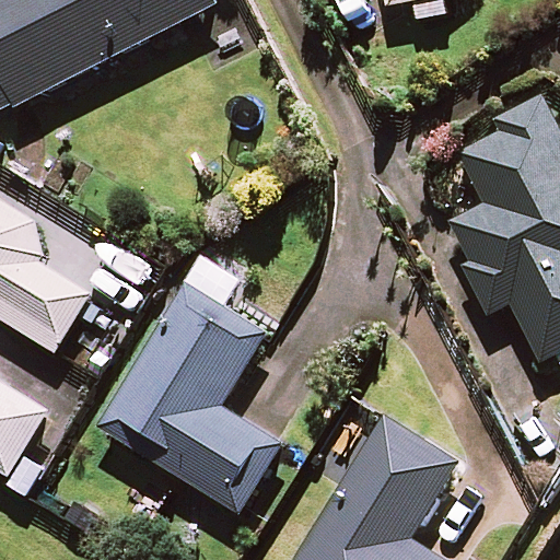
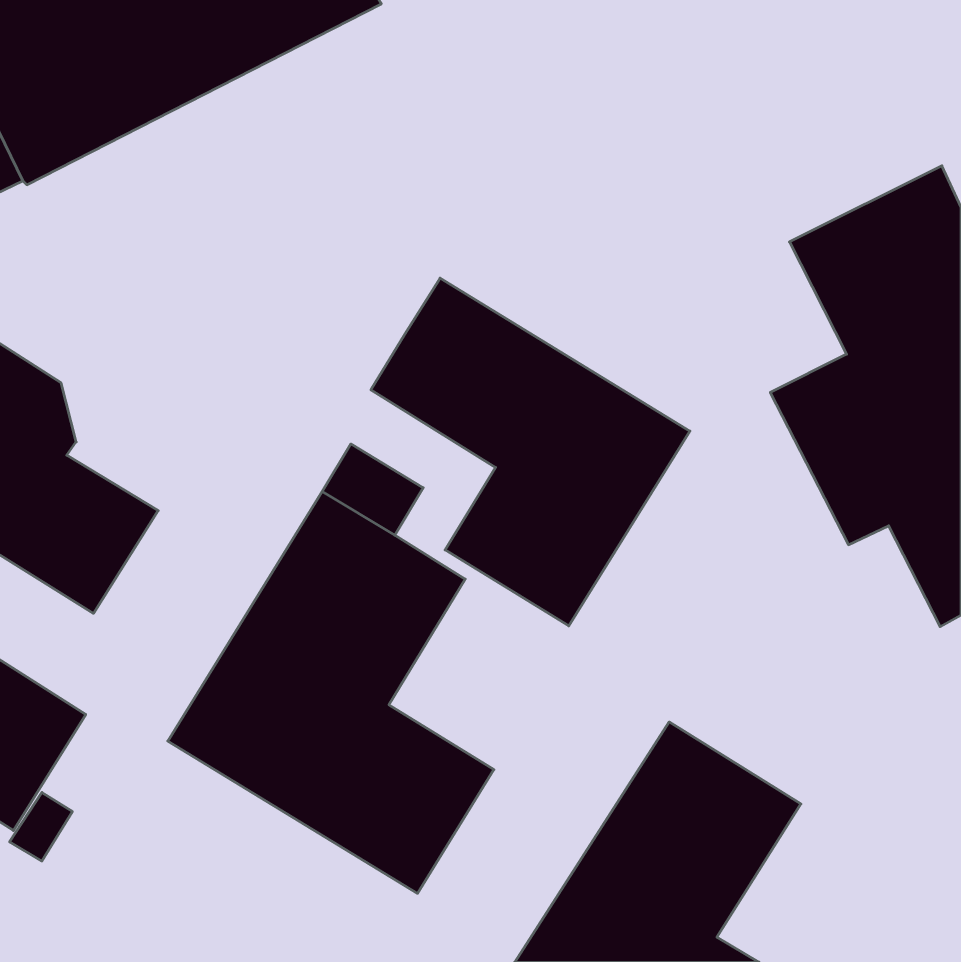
building: none -> [371,278,690,626]

